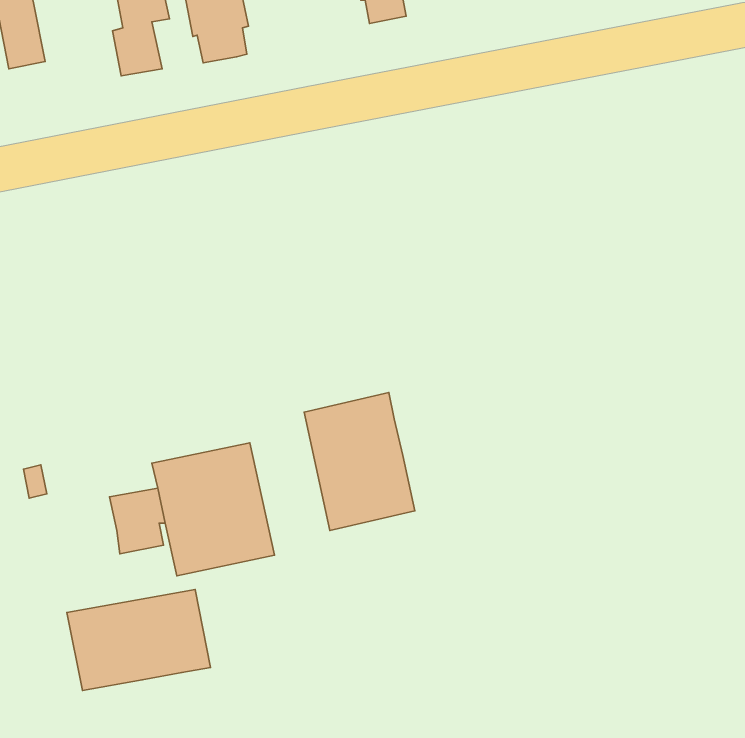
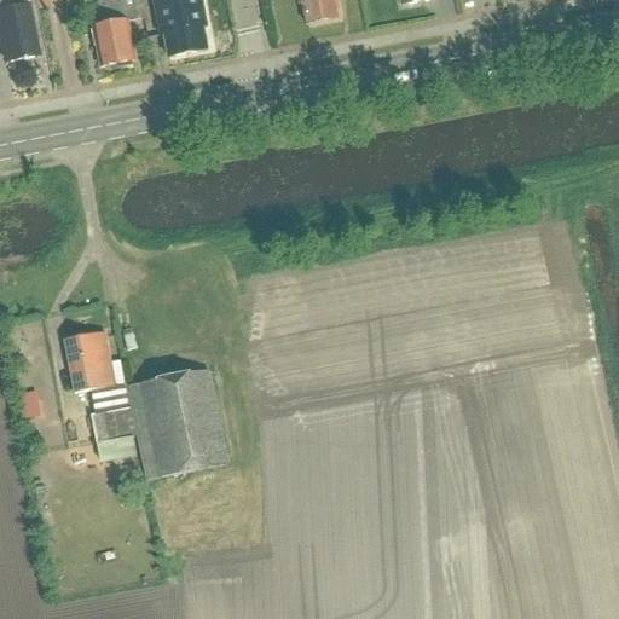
building: [304,393,415,530] -> none
building: none -> [64,328,115,389]
building: [67,589,210,691] -> none

